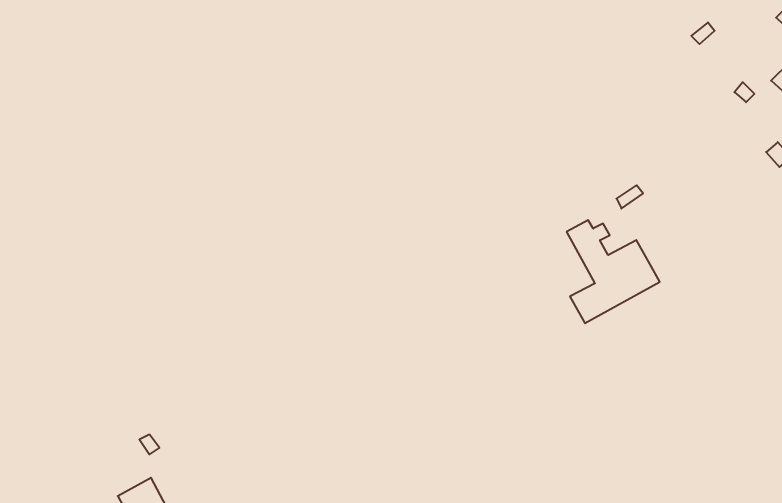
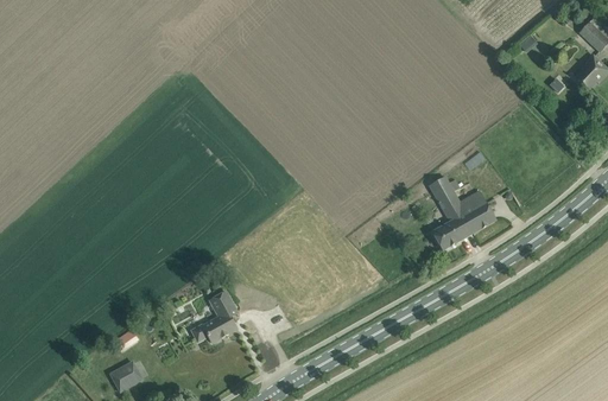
building: none -> [191,291,238,342]

